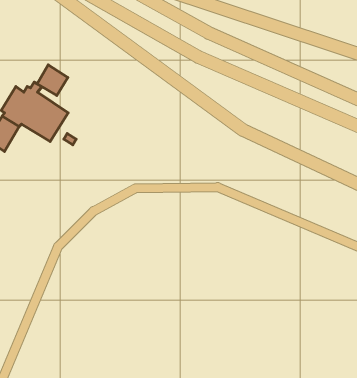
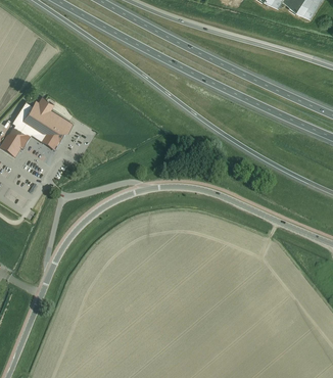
building: [37,65,68,95] -> none

